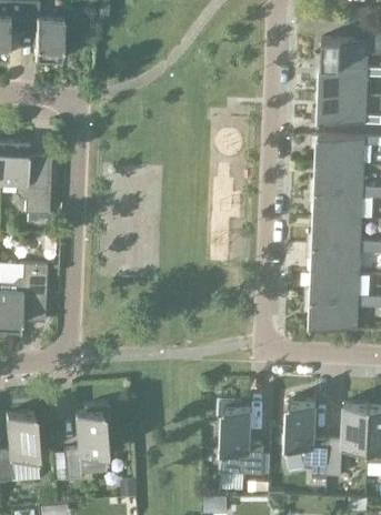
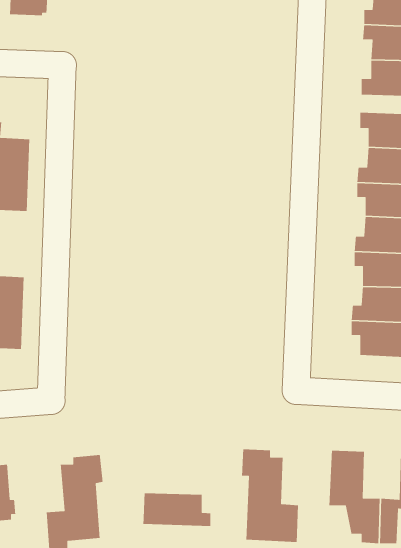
building: none -> [142,492,211,527]

